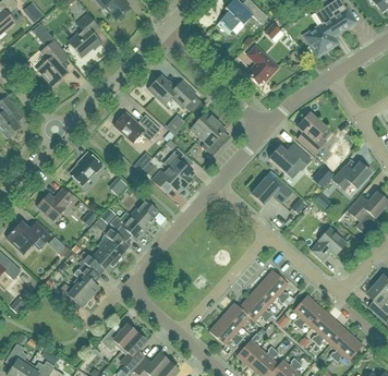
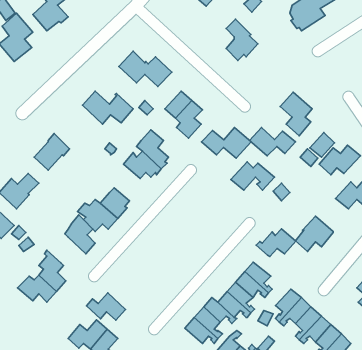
building: none -> [202,127,251,158]
building: none -> [256,229,296,257]
building: [81,246,117,271] -> [86,293,125,320]

